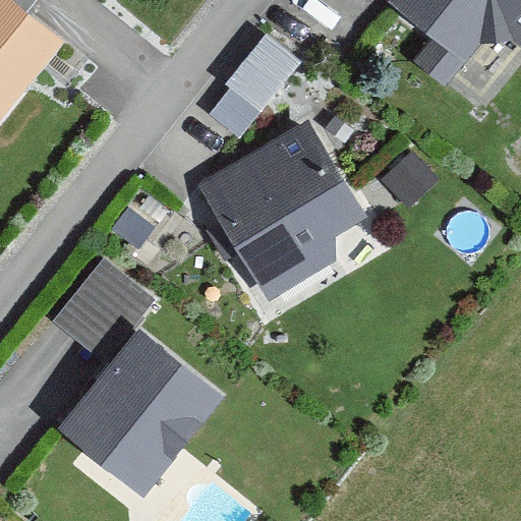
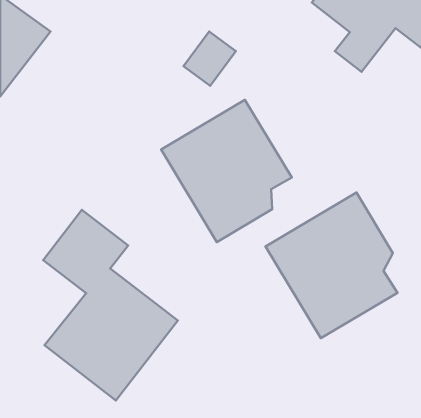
building: none -> [266,192,398,338]

